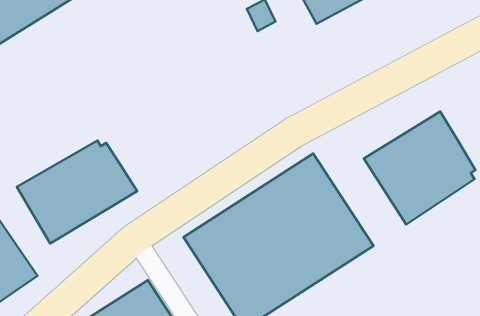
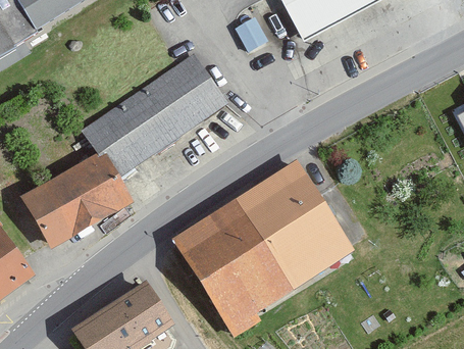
building: none -> [79,51,226,176]
building: [364,111,475,224] -> none

